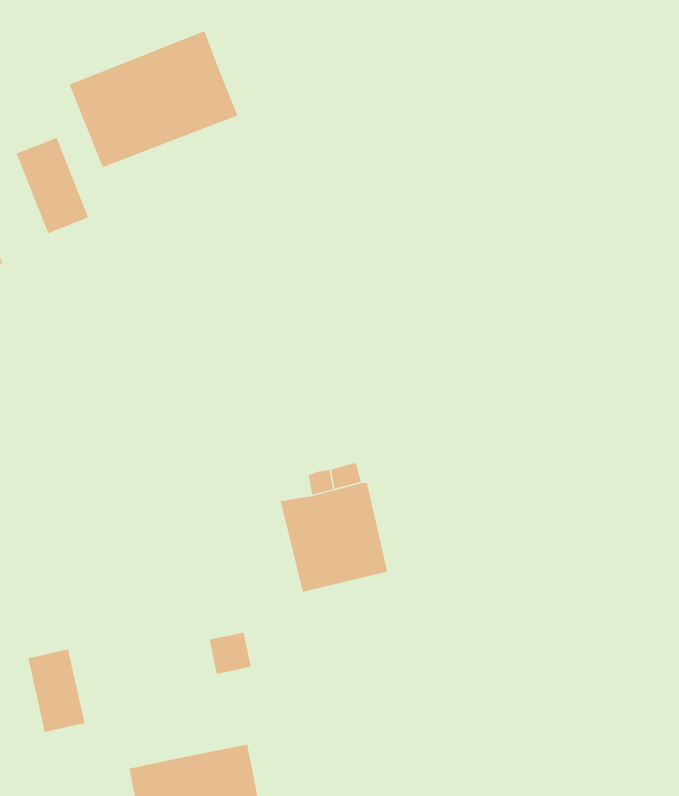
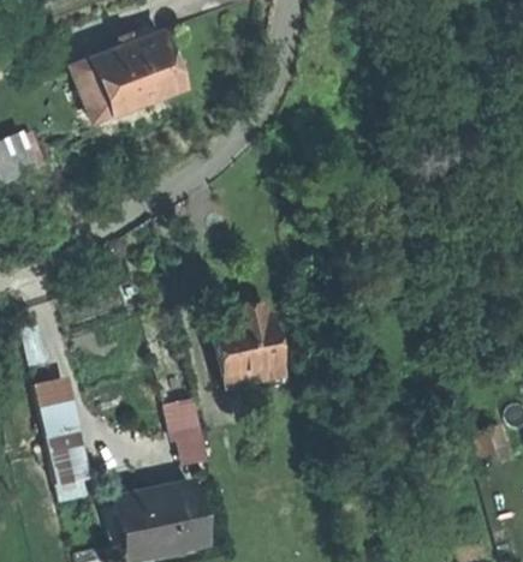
building: [16,137,89,234] -> none
building: none -> [40,377,77,431]

